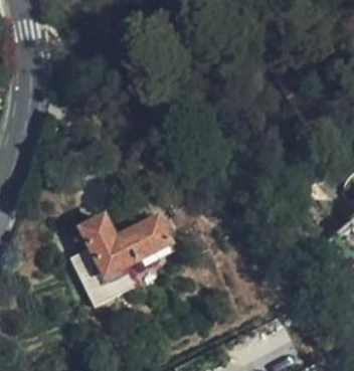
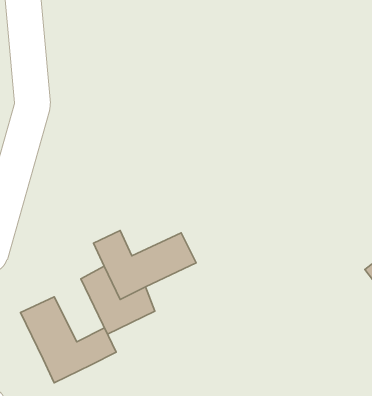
building: none -> [20,297,116,383]

